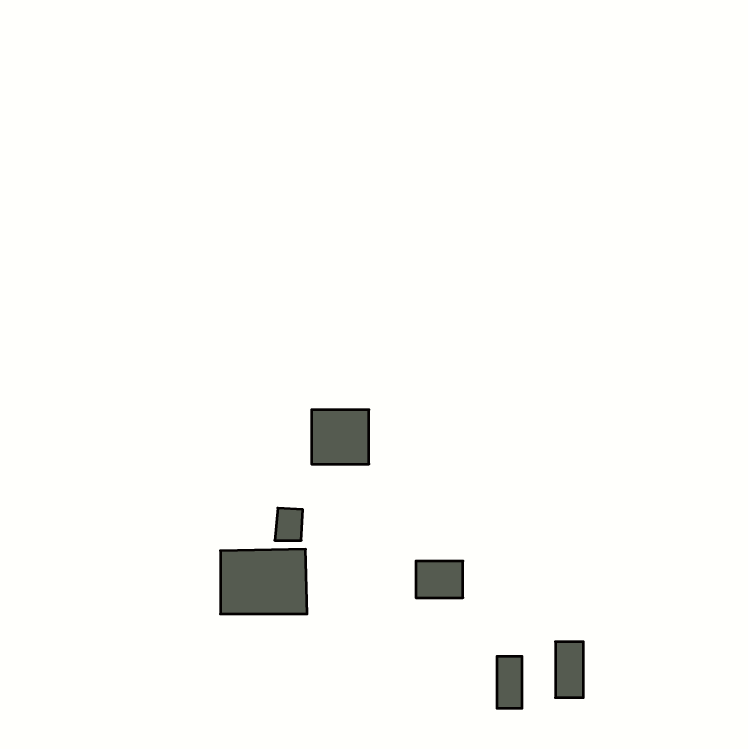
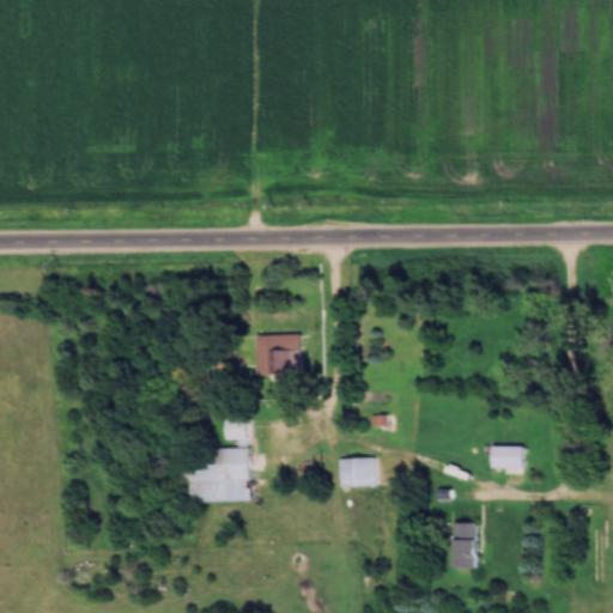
building: none -> [491,445,526,468]
building: [497,656,522,708] -> none

